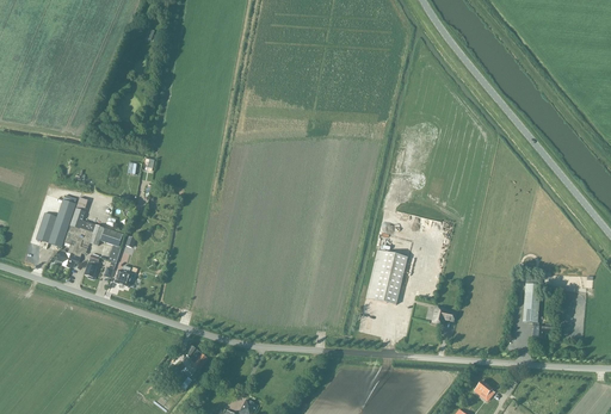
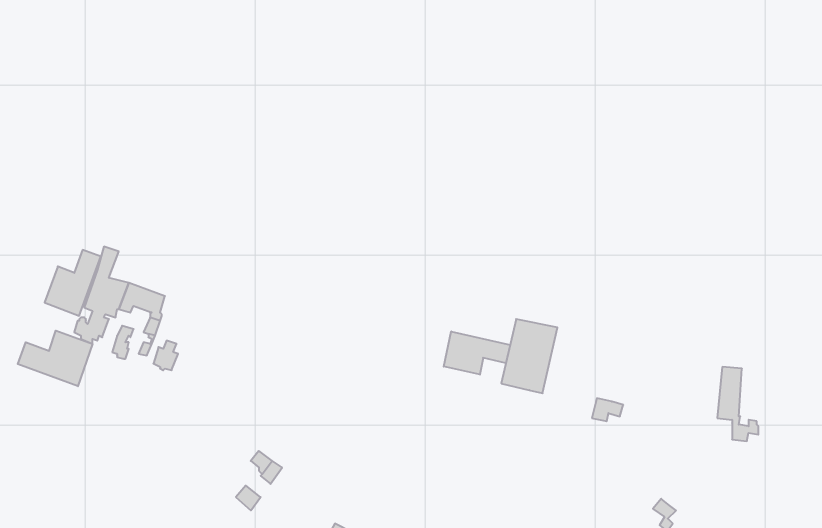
building: none -> [18,331,93,386]
building: none -> [444,331,510,375]

